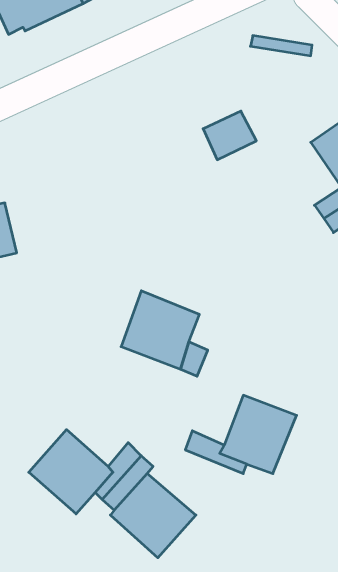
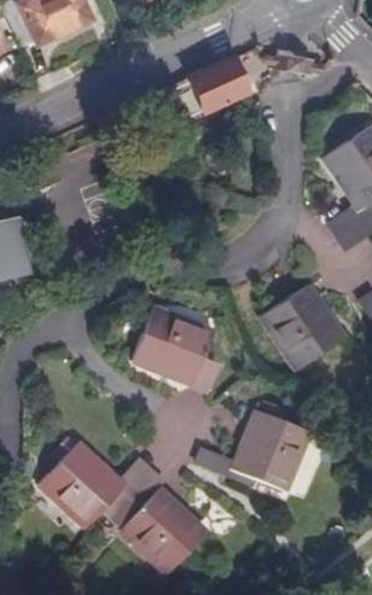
building: [203,111,256,160] -> [191,58,245,107]
building: none -> [260,283,342,368]

